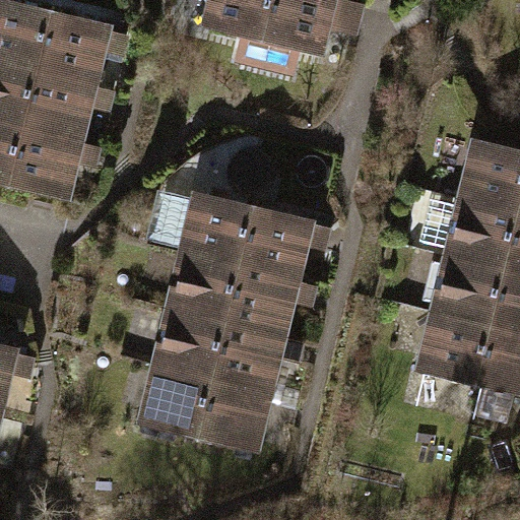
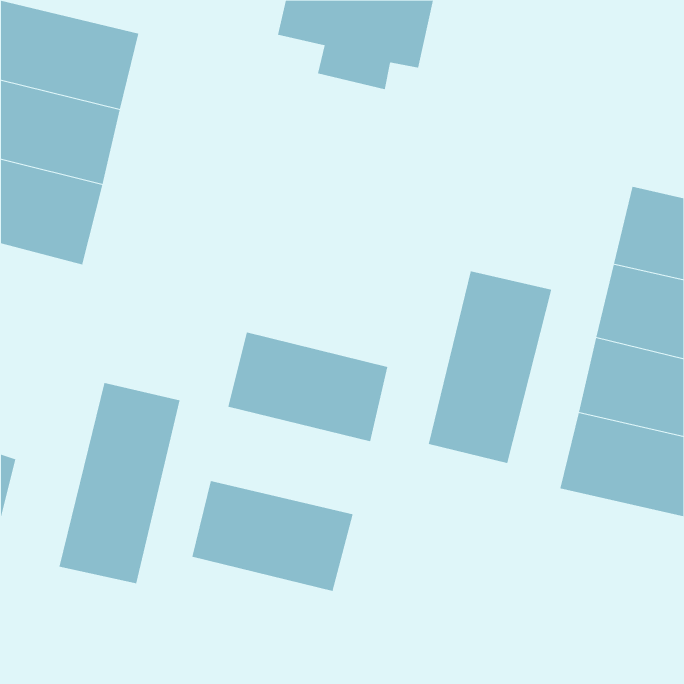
building: [187,194,309,278] -> none
building: none -> [428,271,552,464]
building: none -> [59,382,180,584]
building: [159,309,281,390] -> none

